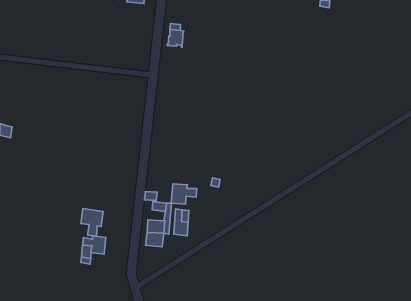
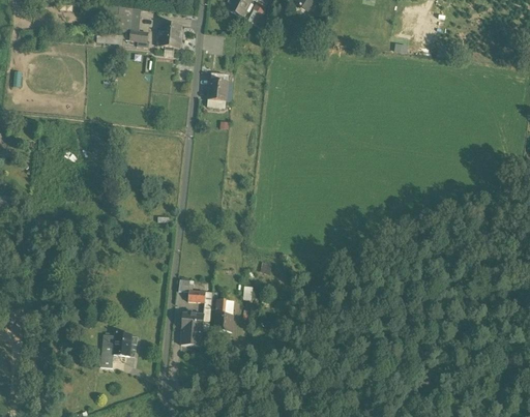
building: [171,184,197,204] -> none
building: [81,208,103,236] -> none

